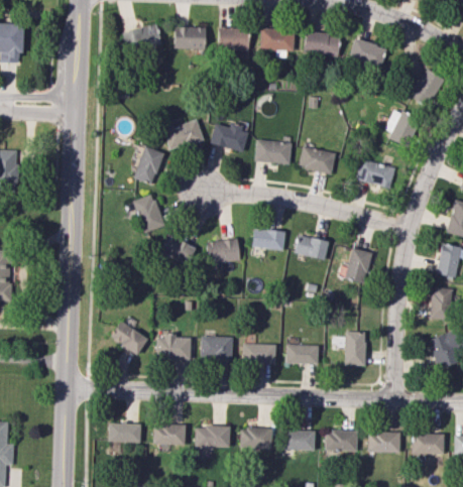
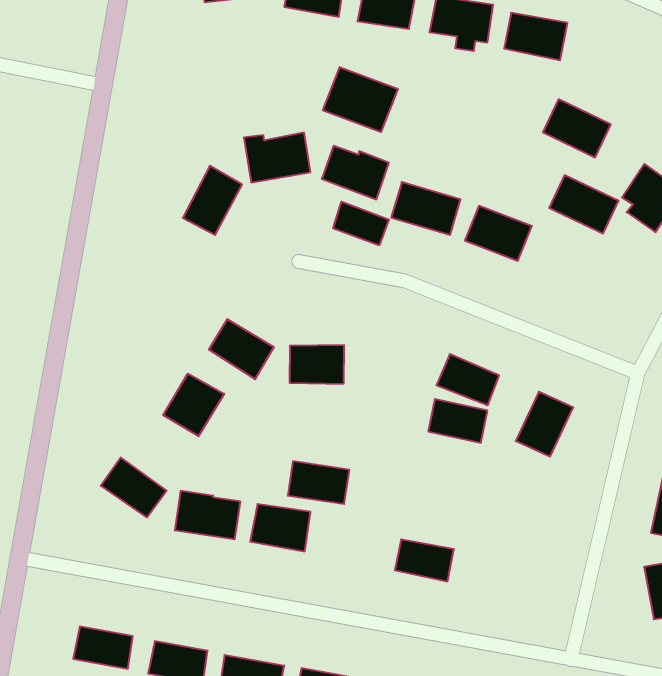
building: [348,38,386,69] -> [543,99,611,157]
building: none -> [323,67,398,132]
building: none -> [333,202,389,245]
building: [355,158,394,189] -> [549,175,619,233]
building: [132,194,164,233] -> none
building: [252,229,284,250] -> [428,399,487,443]
building: none -> [163,374,224,436]
building: [344,332,366,366] -> none
building: [242,344,275,364] -> [288,461,349,504]

